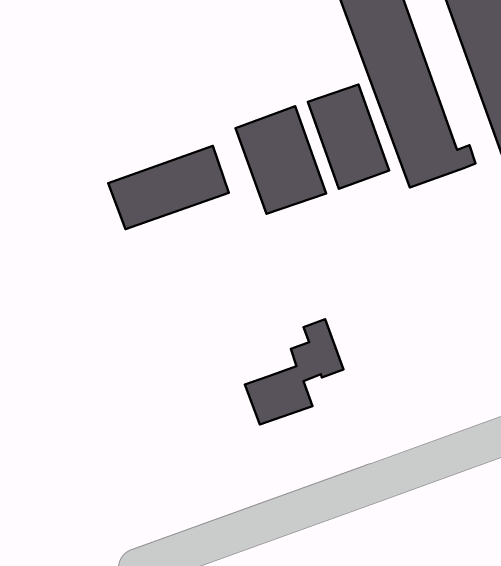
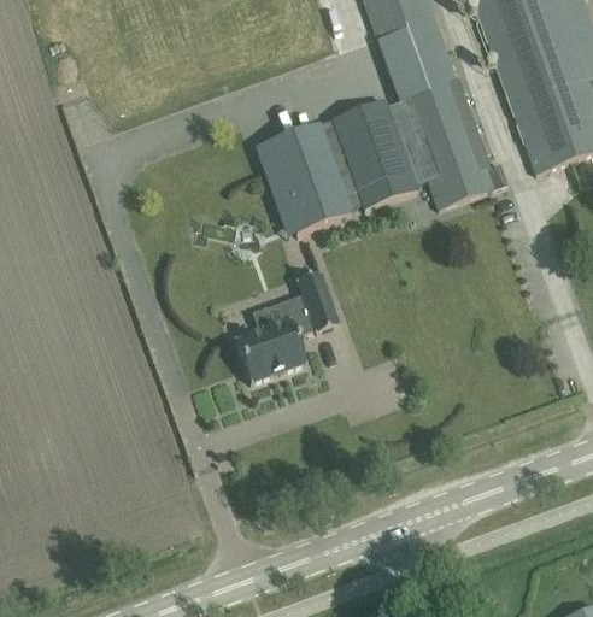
building: [108,146,229,229] -> none
building: [245,319,344,425] -> [236,269,340,380]

